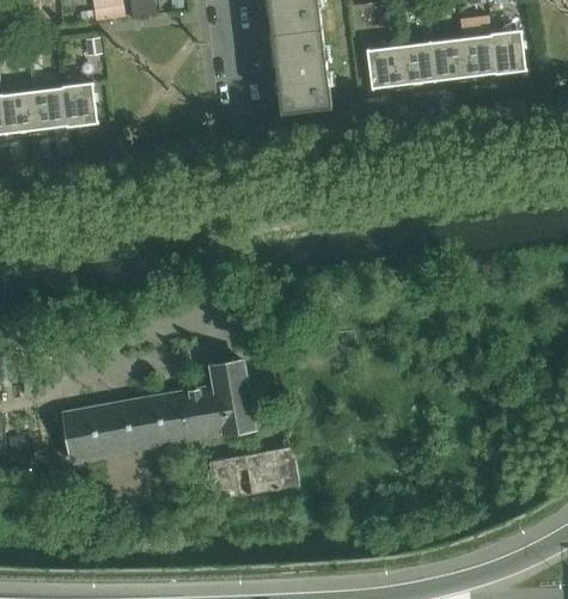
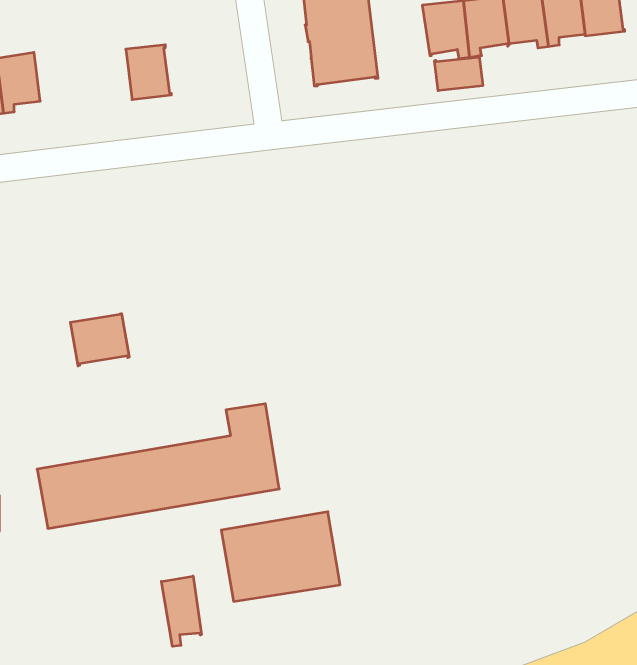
building: [60,82,96,126] -> [126,45,171,100]
building: none -> [435,56,483,91]
building: none -> [70,314,129,366]
building: none -> [161,576,201,646]

